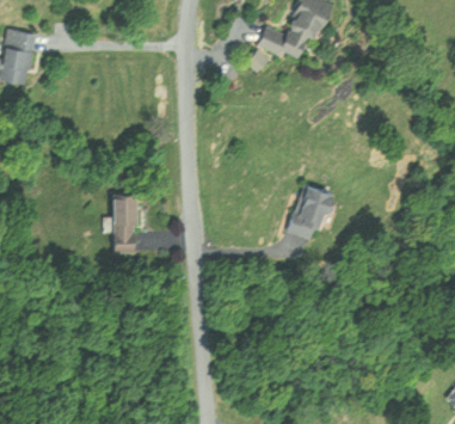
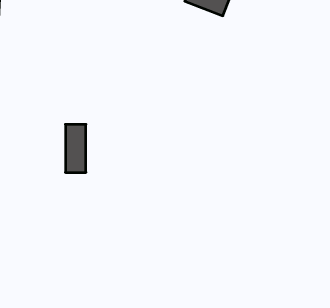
building: [289,184,331,240] -> none

